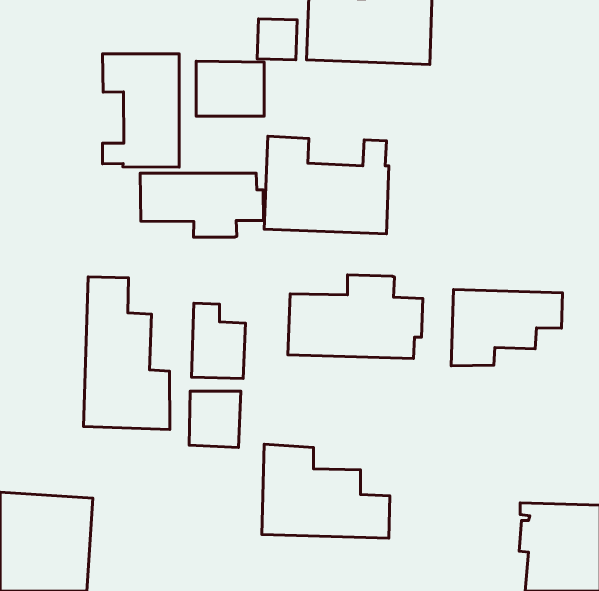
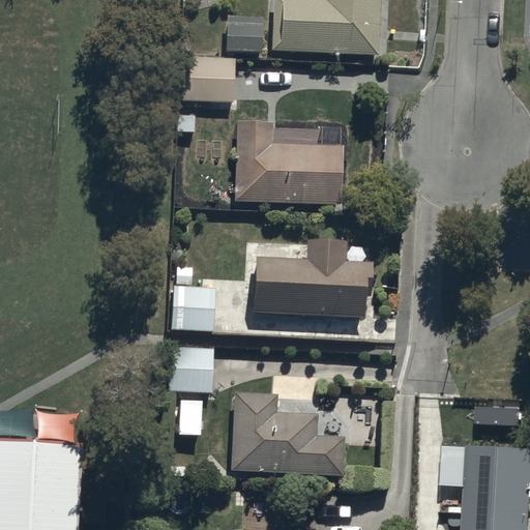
building: [102,54,179,167] -> none
building: [140,173,263,237] -> none
building: [84,277,170,430] -> none
building: [451,290,563,366] -> none

